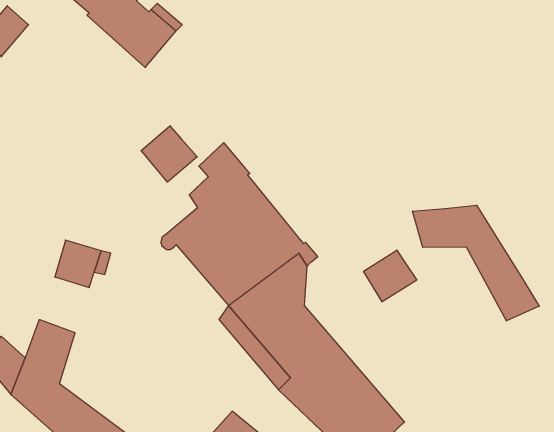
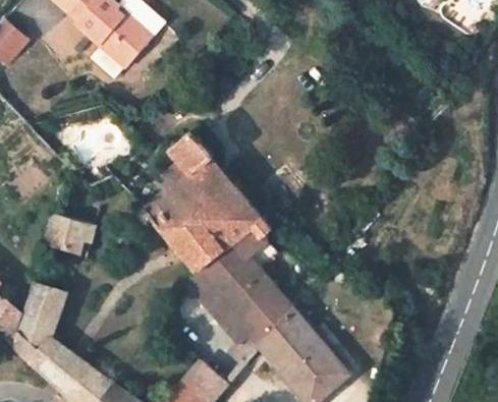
building: [141,126,197,182] -> none
building: [413,205,539,321] -> none
building: [364,250,417,302] -> none

